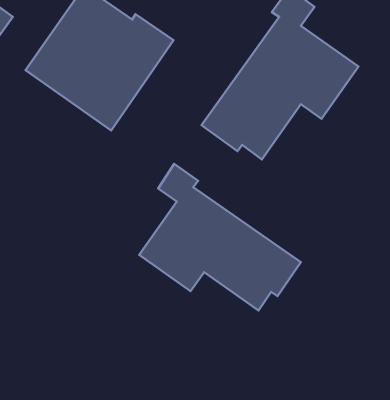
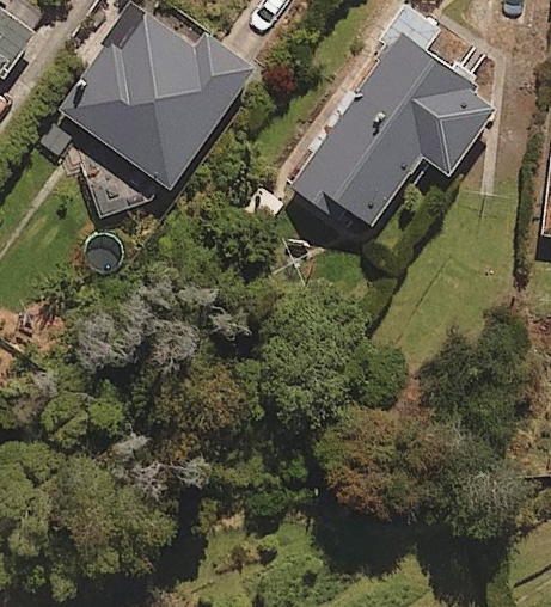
building: [139,164,301,311] -> none

